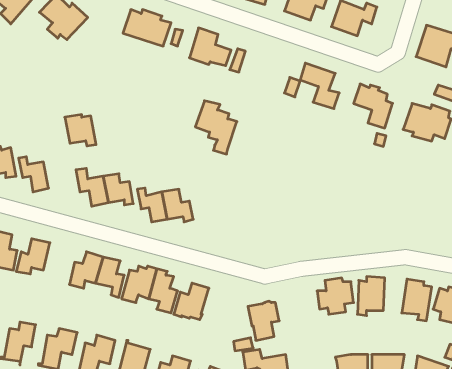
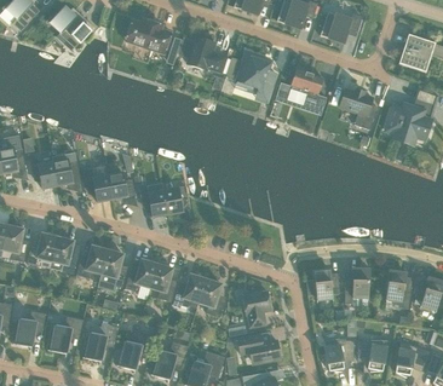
building: [195,101,237,154] -> [236,52,275,102]
building: [65,115,96,146] -> [51,157,80,186]
building: none -> [51,235,76,272]
building: none -> [197,277,225,316]

